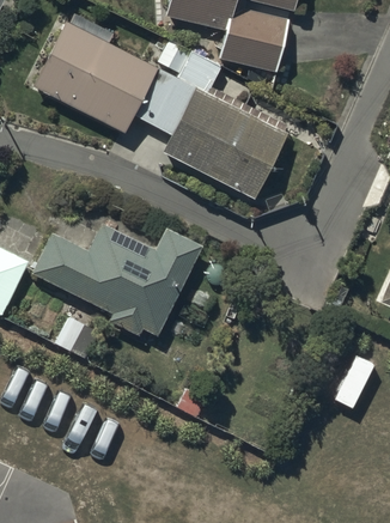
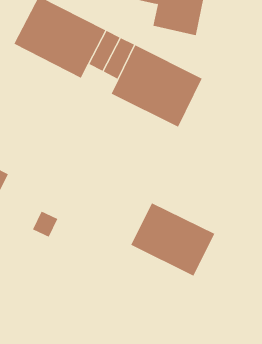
building: [33,224,196,333] -> none
building: none -> [130,202,215,276]

